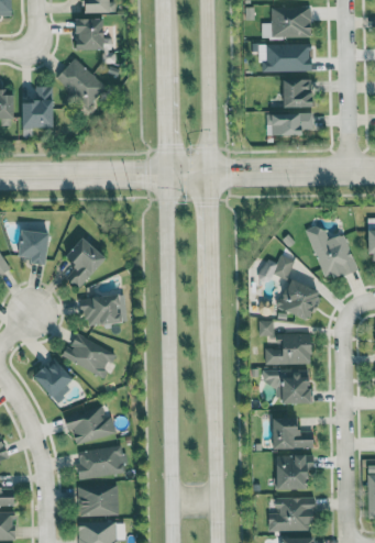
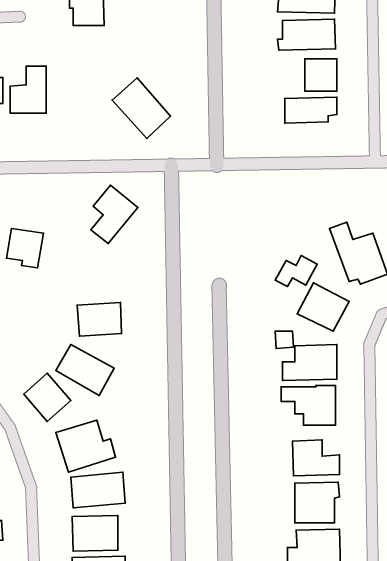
building: [55,57,107,111] -> [112,78,170,138]
building: [65,237,107,289] -> [91,185,138,243]

